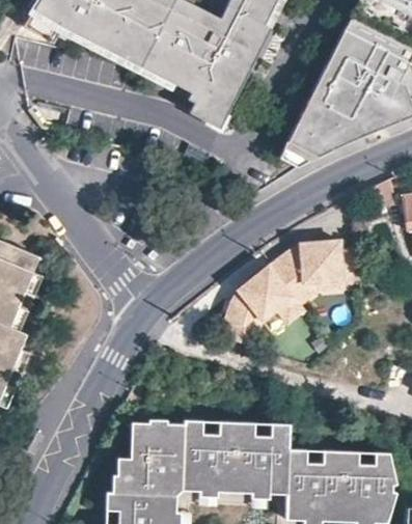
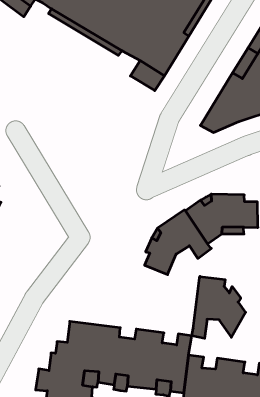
building: none -> [192,276,246,338]

